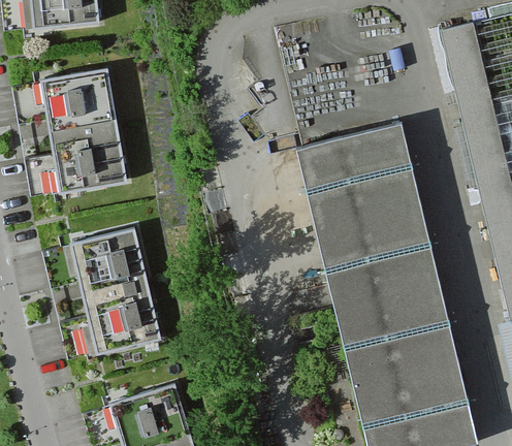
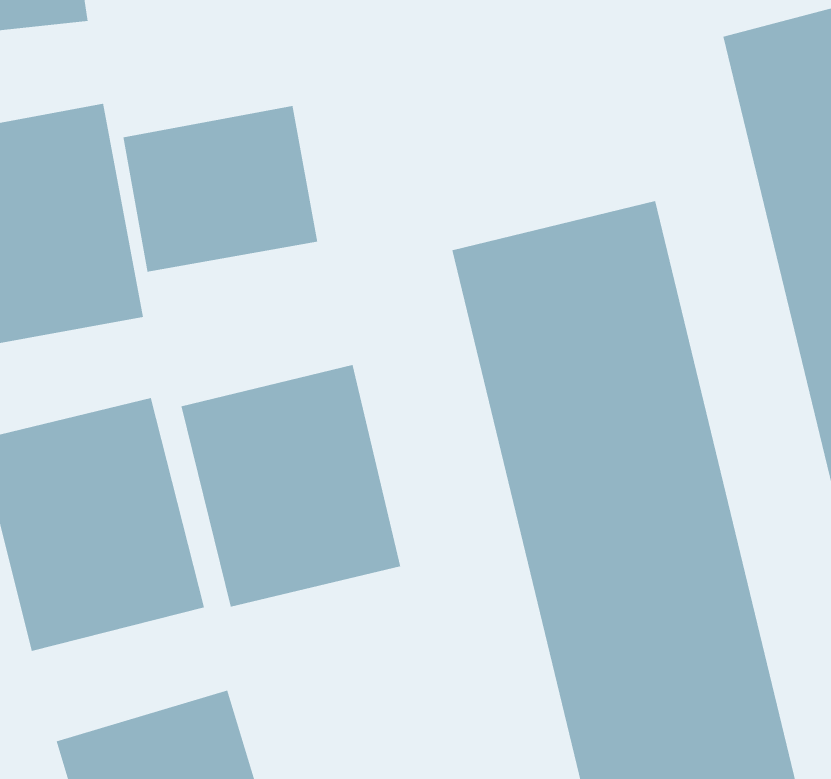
building: none -> [123,105,318,272]
building: none -> [181,364,401,608]

